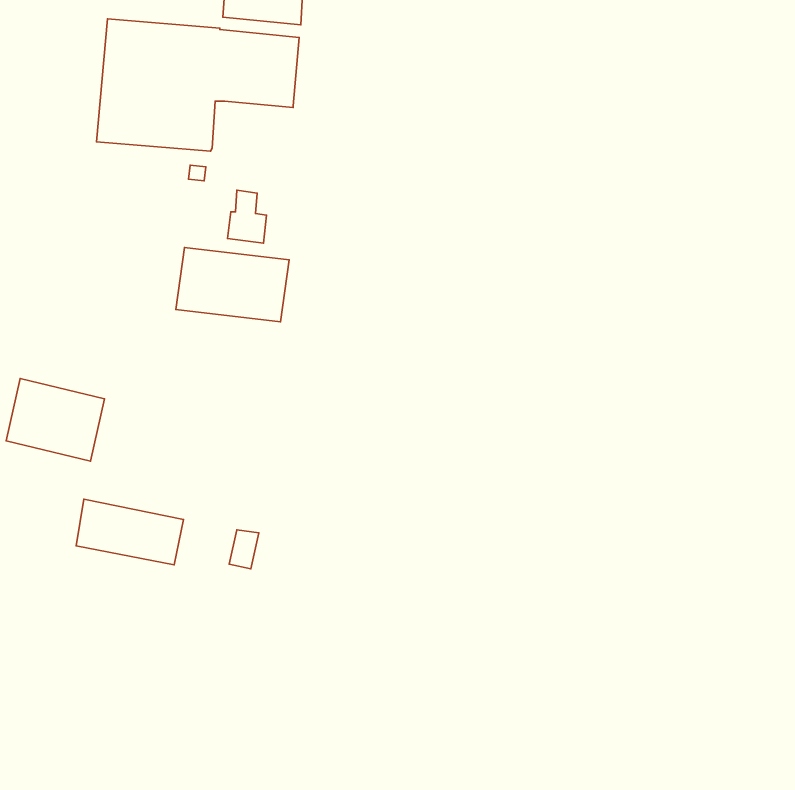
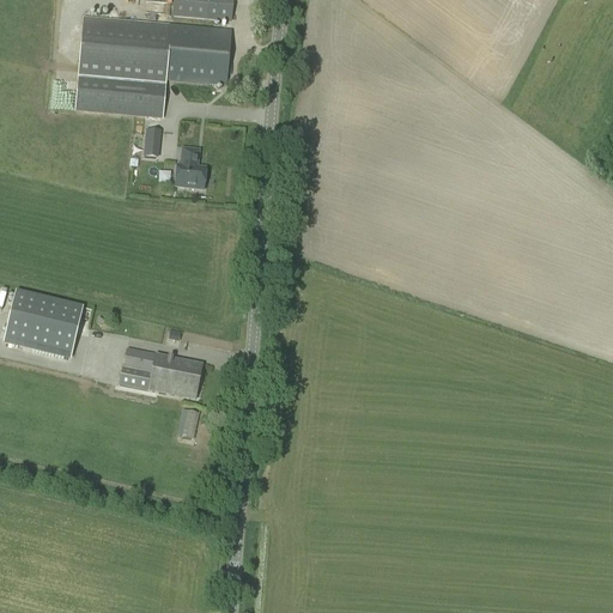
building: [176,247,289,322] -> none
building: [76,499,184,565] -> [121,347,204,397]

